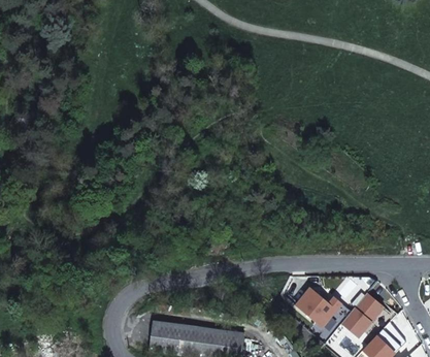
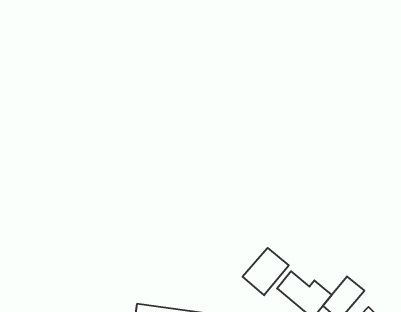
building: none -> [243,248,289,295]

